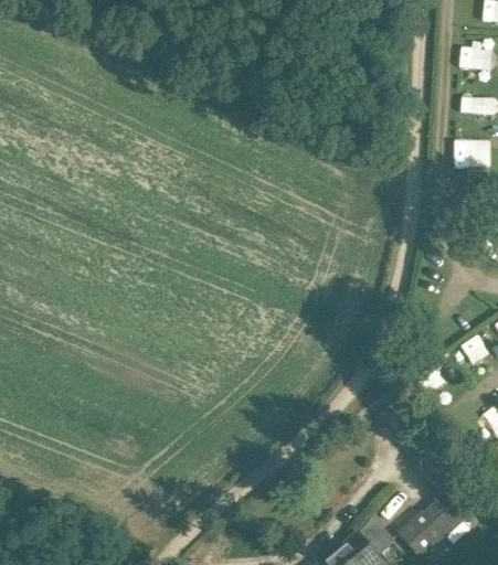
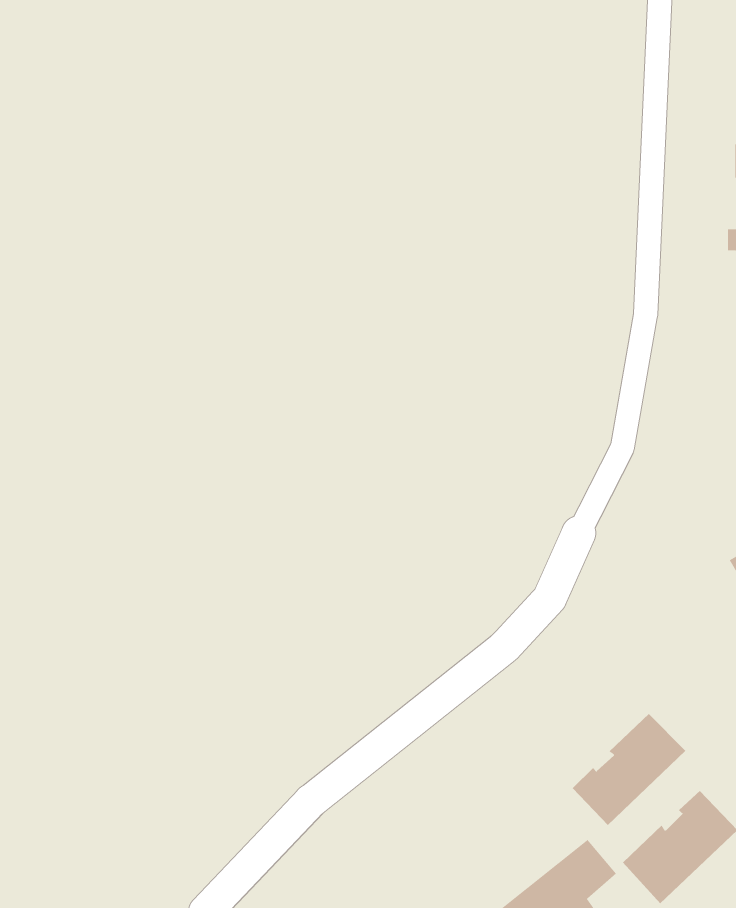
building: none -> [572,713,686,826]

